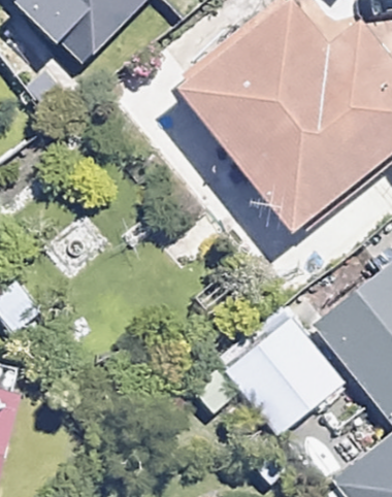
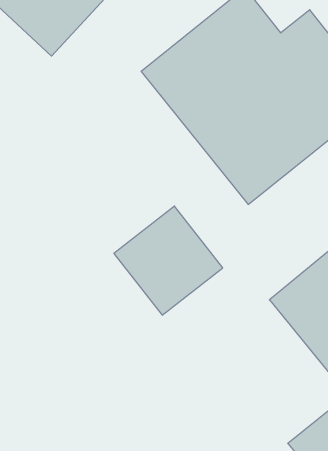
building: [226,318,342,434] -> [114,206,223,315]

